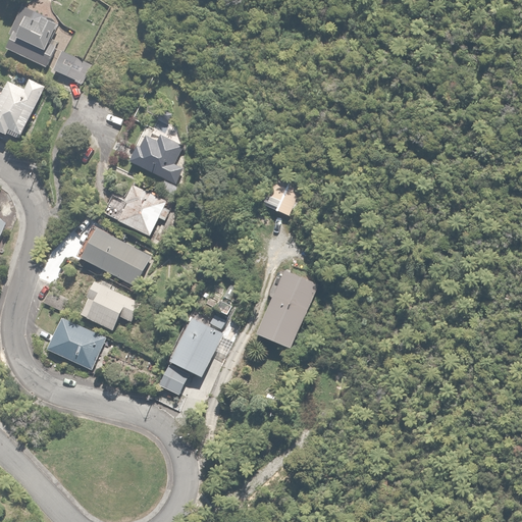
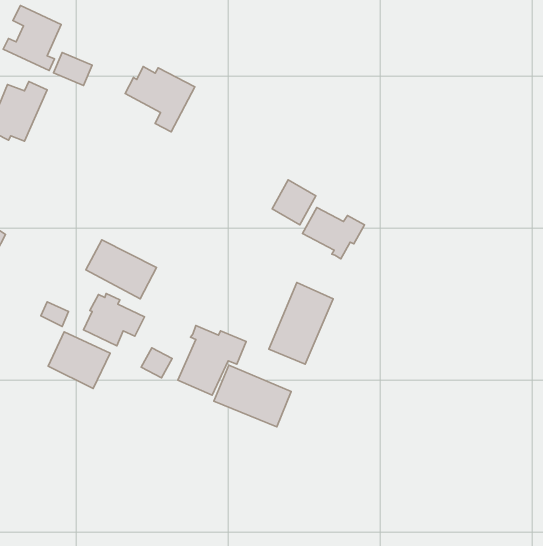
building: [128,136,195,198] -> [125,67,195,132]
building: [118,185,171,237] -> none
building: none -> [303,208,365,259]
building: none -> [214,365,291,427]
building: [157,366,187,395] -> [141,348,172,378]

